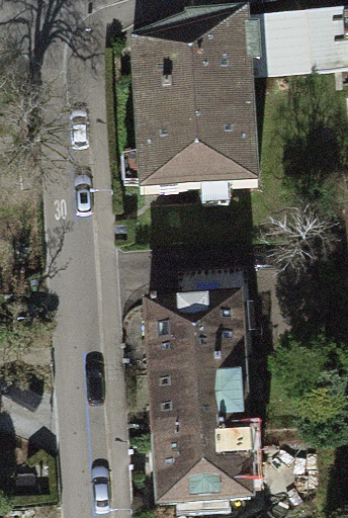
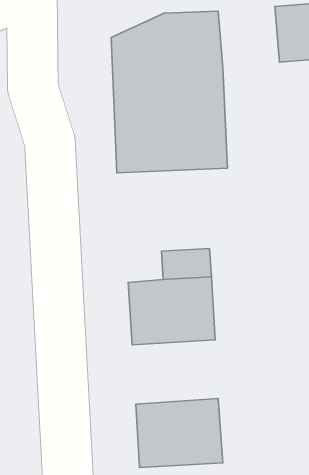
building: [244,11,310,77] -> none
building: [152,368,244,437] -> none

